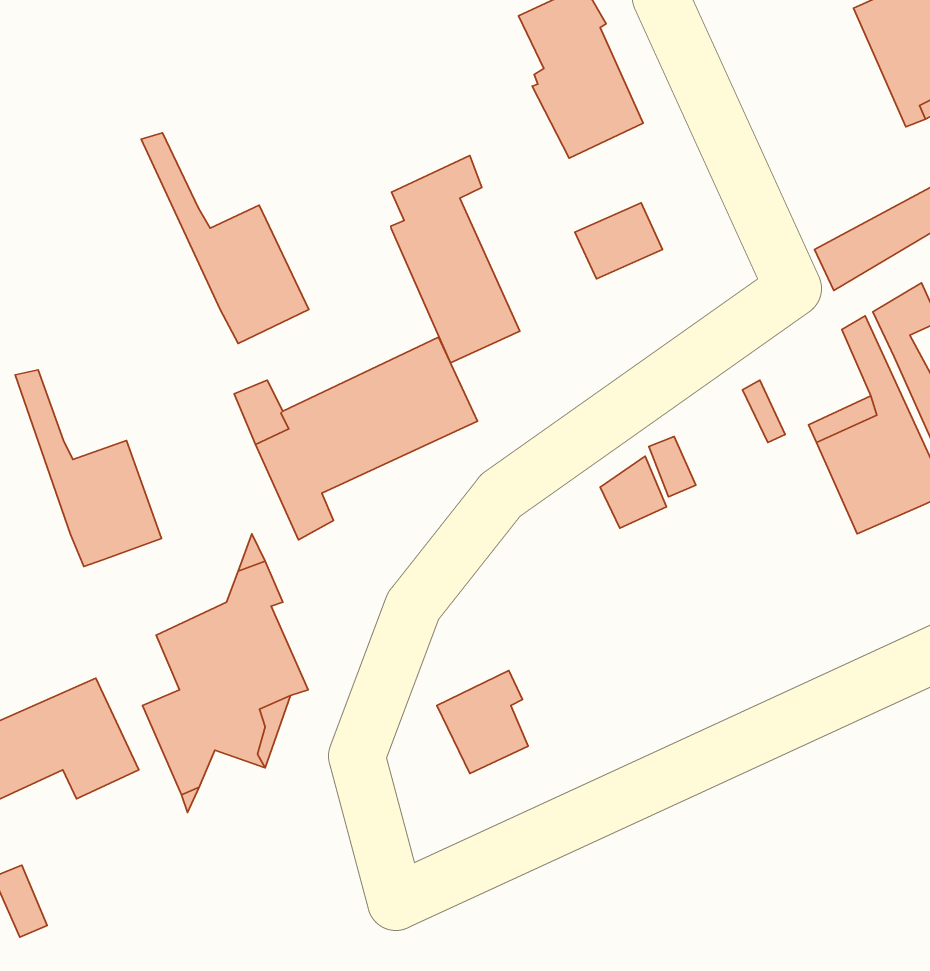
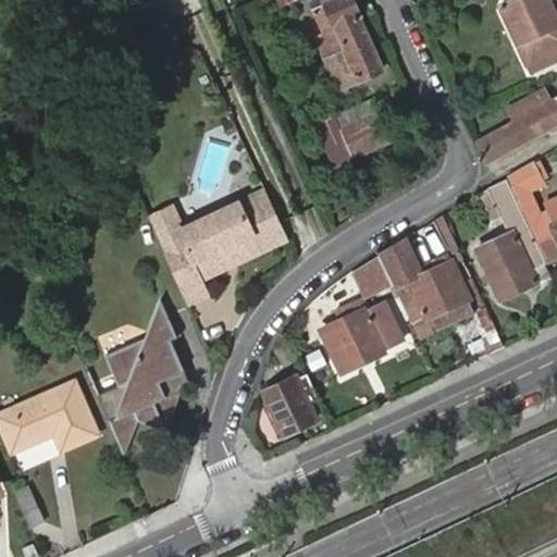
building: [141,133,309,343] -> none
building: [391,155,520,363] -> none
building: [15,370,162,566] -> none
building: none -> [398,264,471,320]
building: none -> [322,300,401,372]

